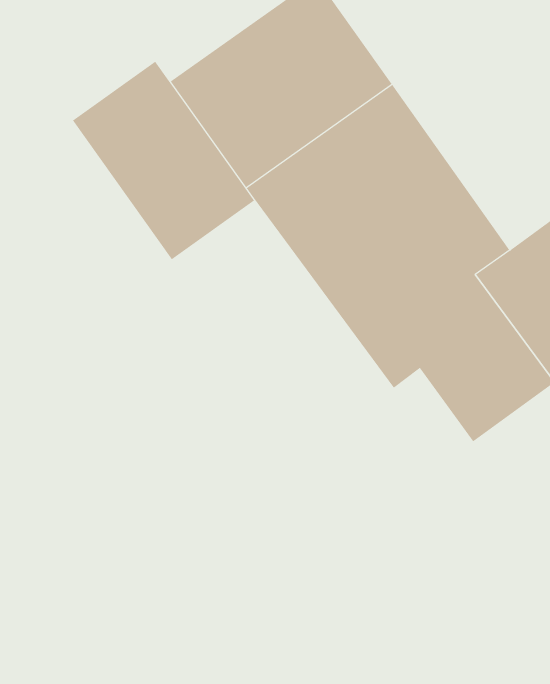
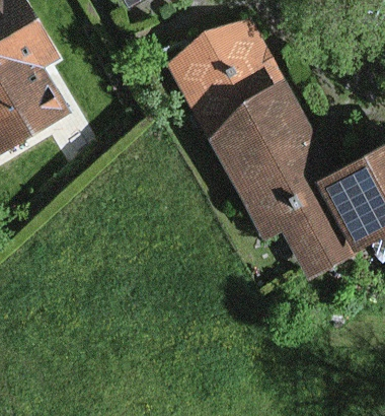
building: [72,61,255,260] -> none

